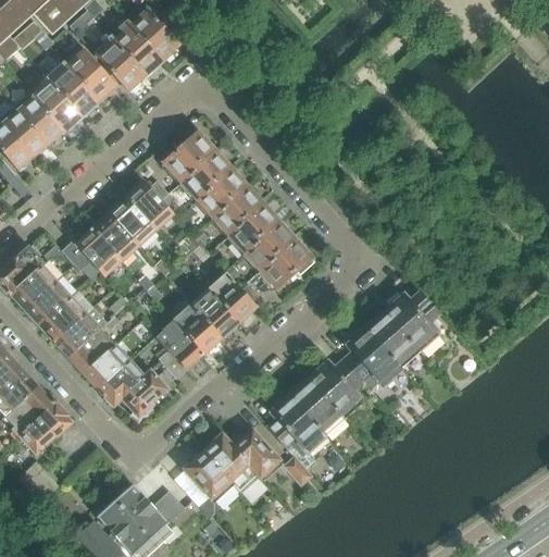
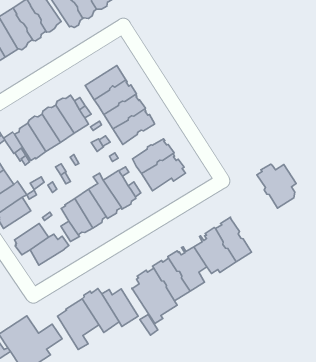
building: [224,201,278,252] -> none
building: [385,292,439,351] -> [257,164,296,208]
building: [83,344,129,386] -> none

